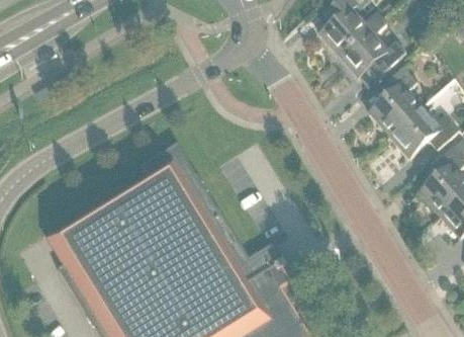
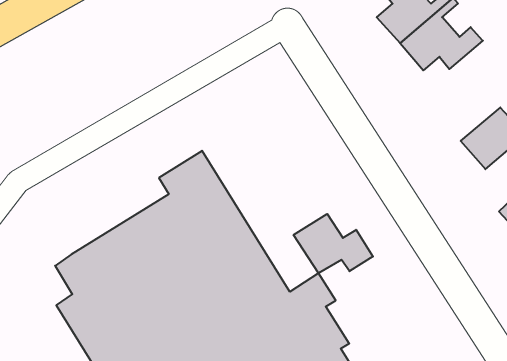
building: [368,64,420,132] -> none
building: none -> [294,214,373,273]

